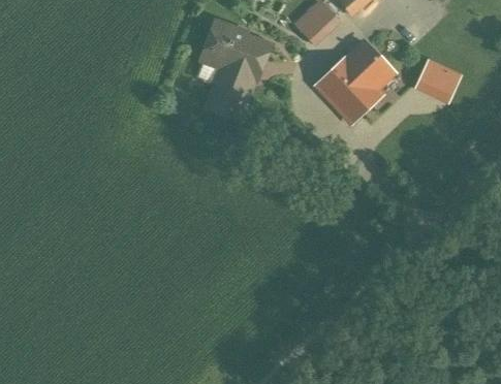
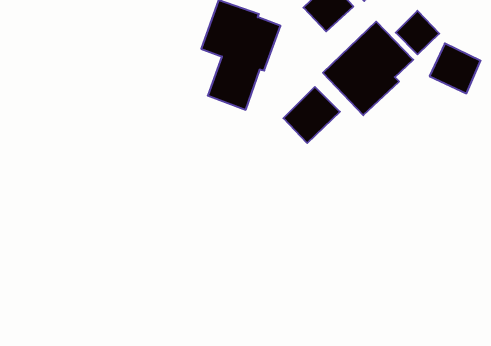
building: none -> [396,11,439,54]
building: none -> [283,87,340,143]

